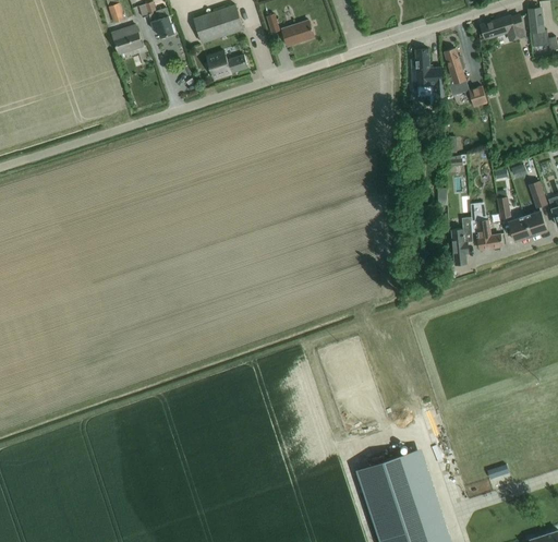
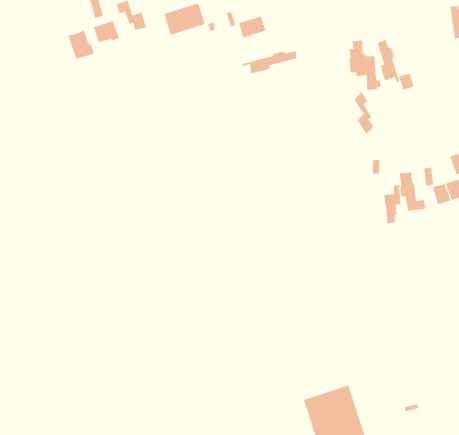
building: [481,15,523,39] -> none
building: none -> [68,30,95,59]
building: [207,51,247,77] -> none
building: none -> [242,50,297,74]
building: none -> [354,91,374,135]

